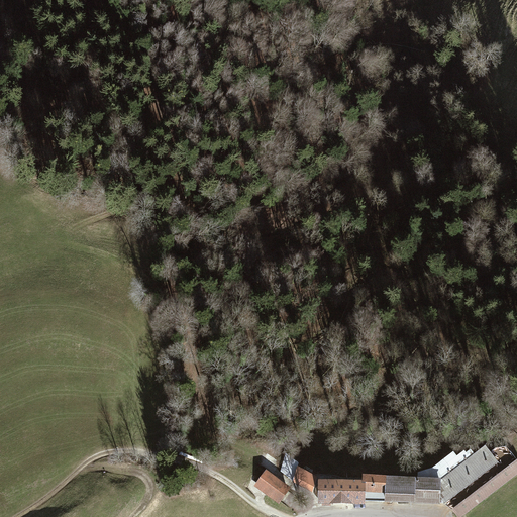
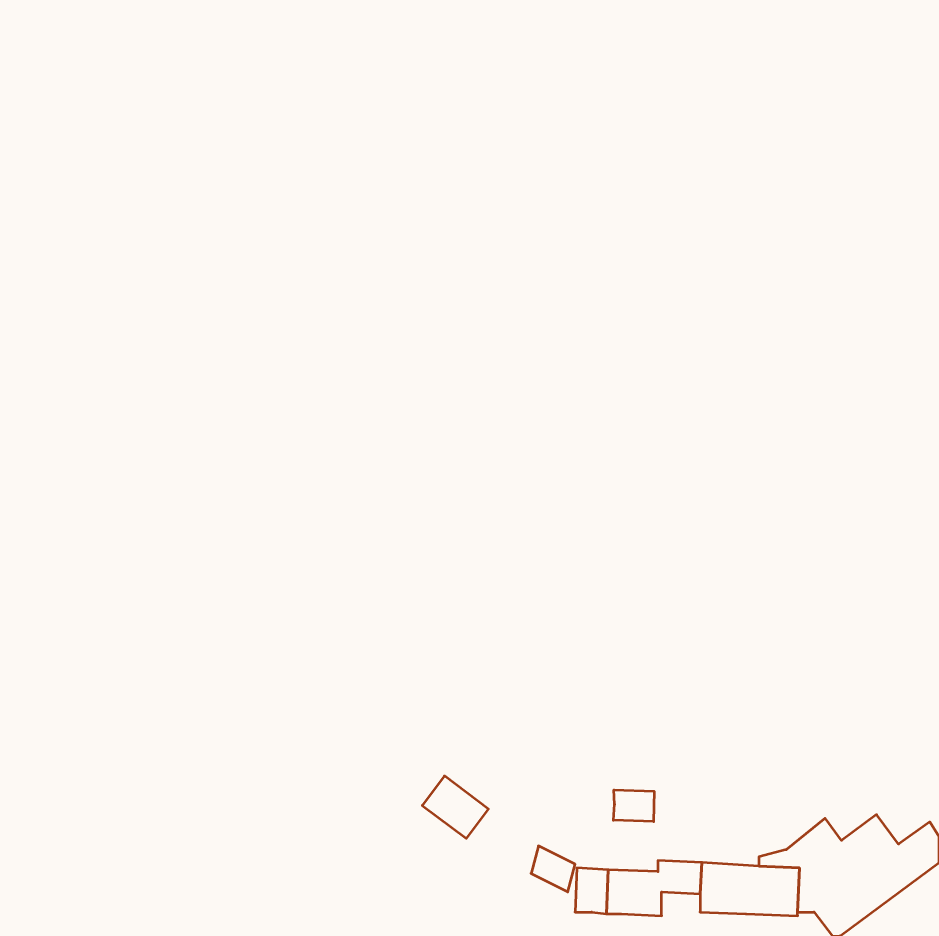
building: none -> [613,790,654,822]
building: [253,469,290,503] -> [422,776,488,838]

